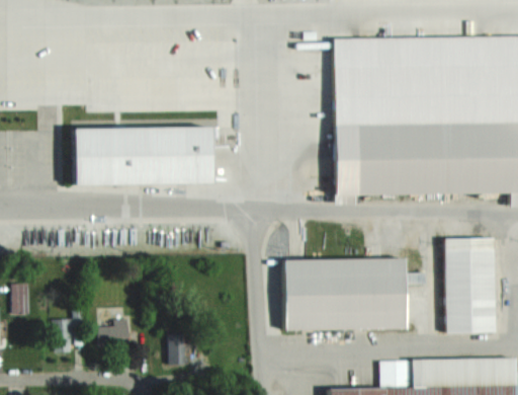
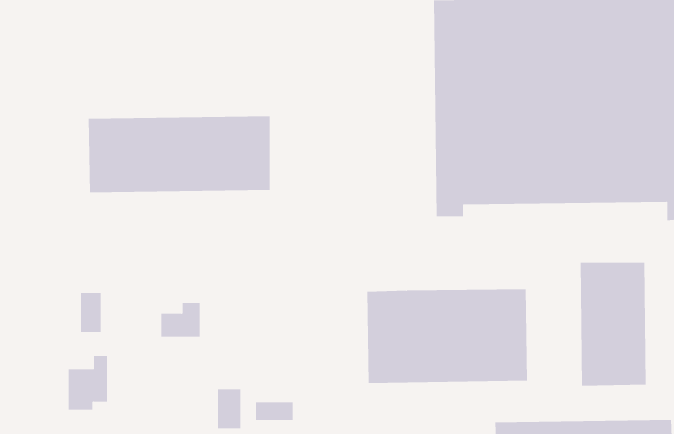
building: [16,284,32,314] -> [80,292,102,332]
building: [101,319,132,345] -> [160,303,200,337]
building: none -> [255,402,293,421]

